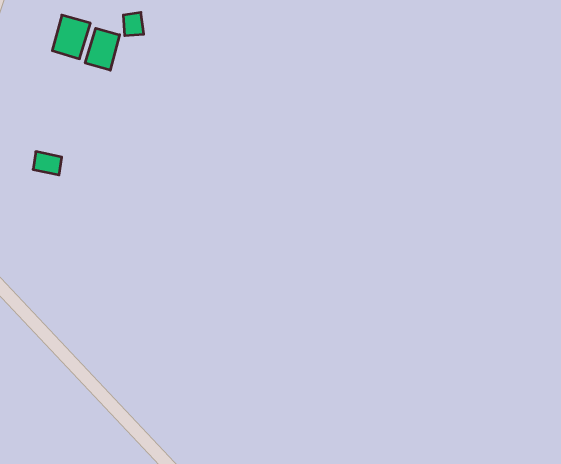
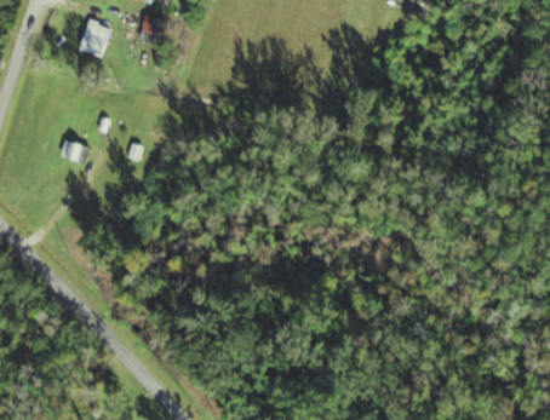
building: [85,28,120,70] -> none

